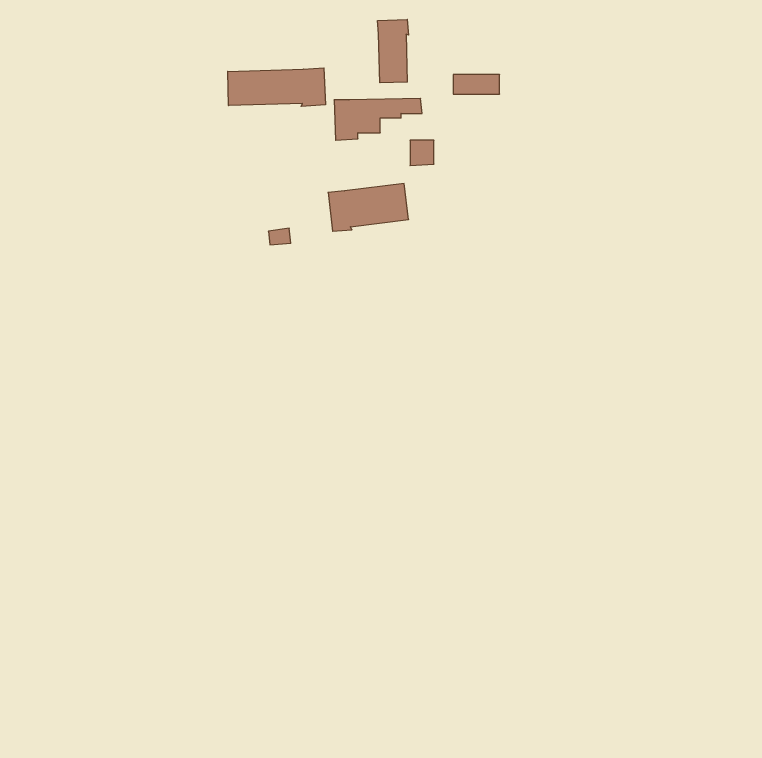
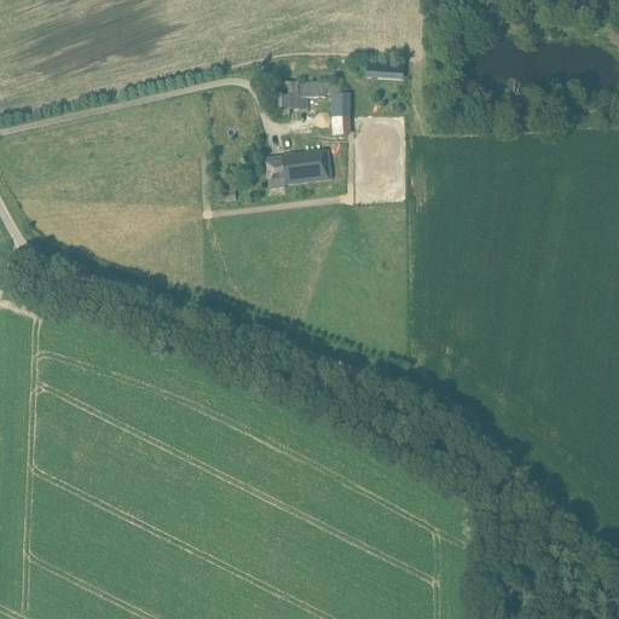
building: [378,19,408,83] -> none
building: [228,68,325,106] -> none

